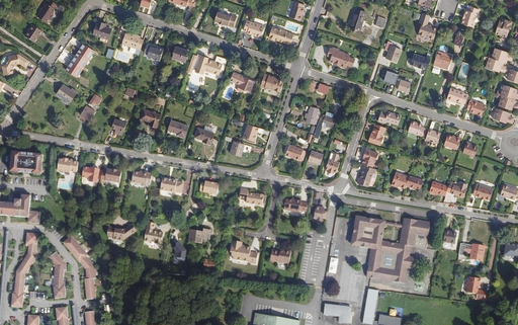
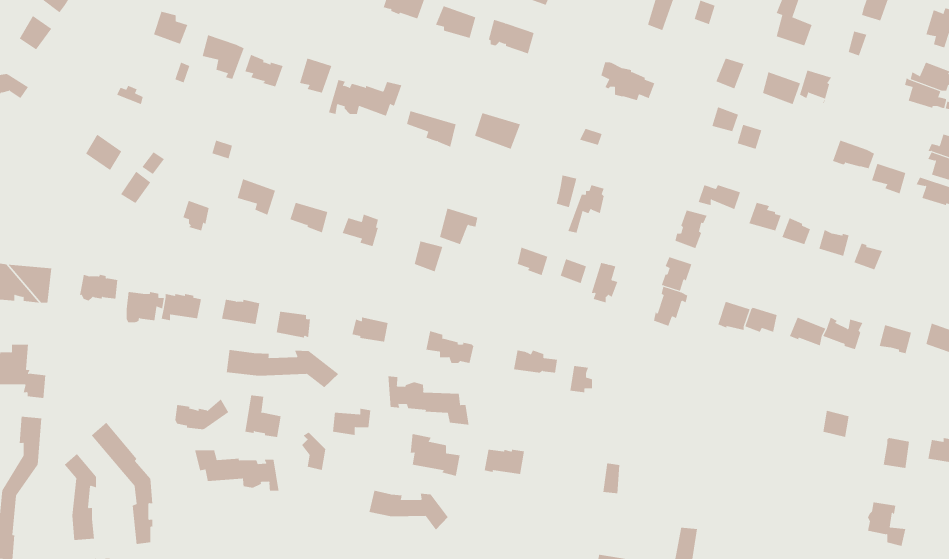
building: none -> [226,349,339,388]
building: none -> [388,376,469,425]
building: [349,215,428,281] -> none
building: none -> [195,449,279,492]
building: none -> [369,490,449,530]

